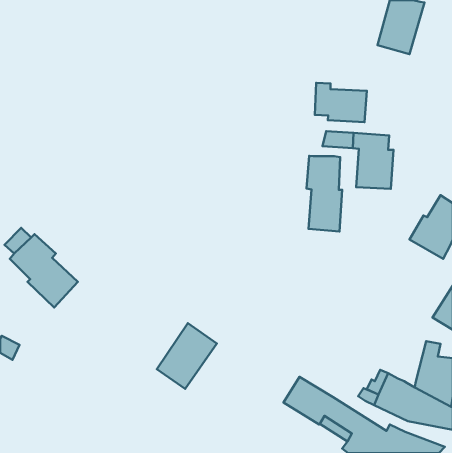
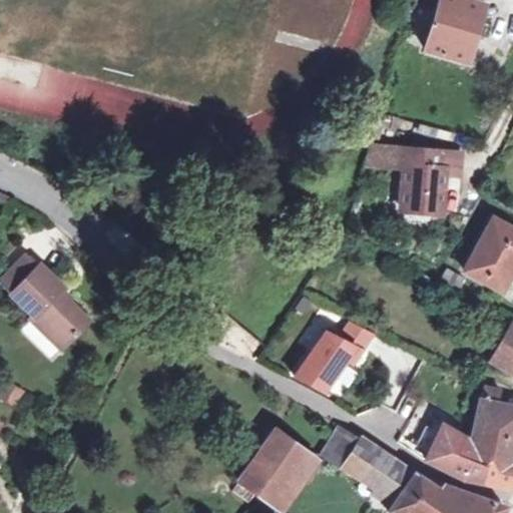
building: [315,83,367,122] -> none
building: [306,156,342,232] -> none
building: none -> [295,321,373,391]
building: [157,323,217,389] -> [240,429,309,503]

